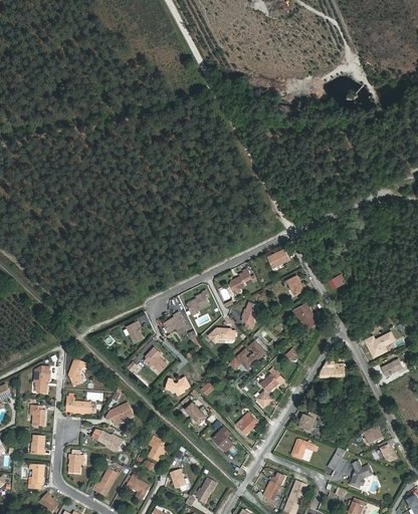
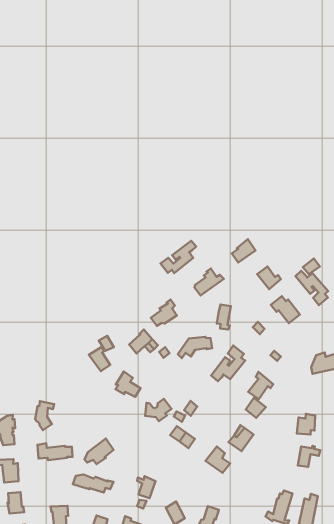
building: none -> [160,241,196,273]
building: none -> [296,271,328,305]

